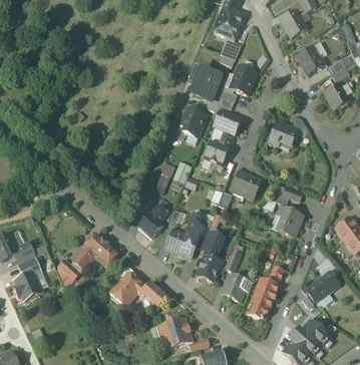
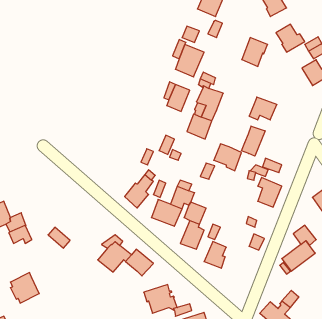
building: [231,64,258,94] -> [242,38,268,66]
building: none -> [242,126,265,156]
building: [73,233,119,269] -> none
building: [12,270,42,302] -> [10,273,39,303]
building: [251,278,279,321] -> none

